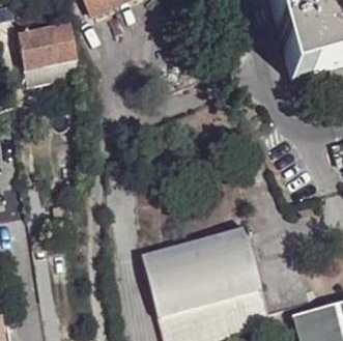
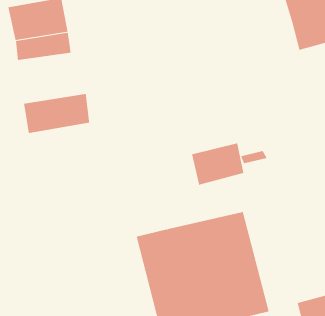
building: none -> [24,93,90,134]
building: none -> [191,143,244,185]

